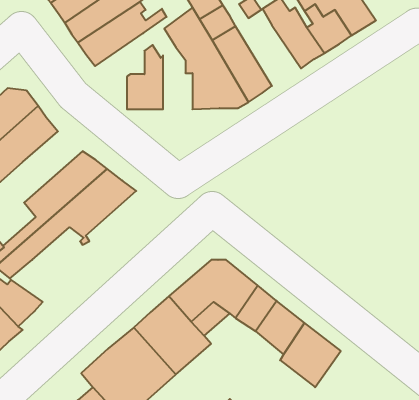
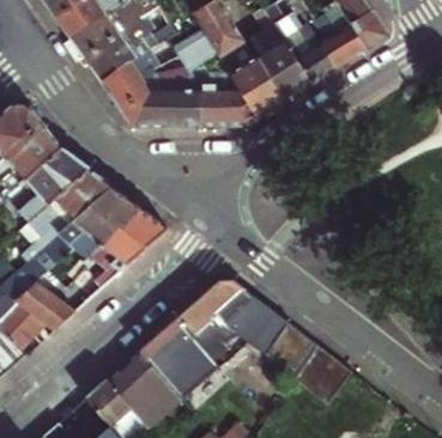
building: none -> [253,39,310,102]
building: none -> [99,48,158,126]
building: none -> [169,62,199,126]
building: none -> [8,148,86,229]
building: none -> [71,209,166,302]
building: none -> [12,280,74,329]

